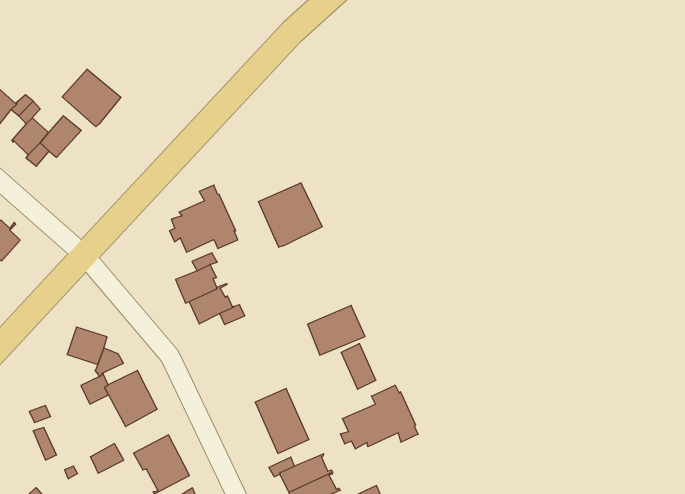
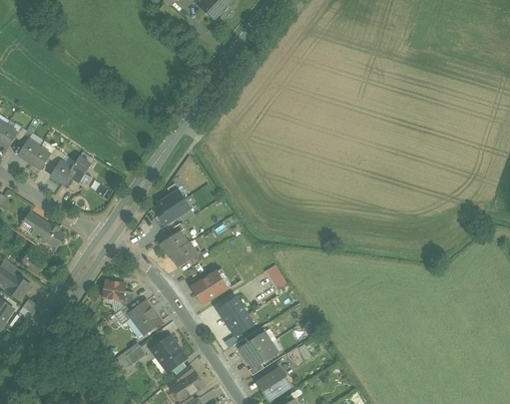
building: [62,69,121,127] -> none
building: [259,183,322,247] -> none
building: [308,305,365,355] -> [191,271,226,303]
building: [340,385,418,449] -> none

